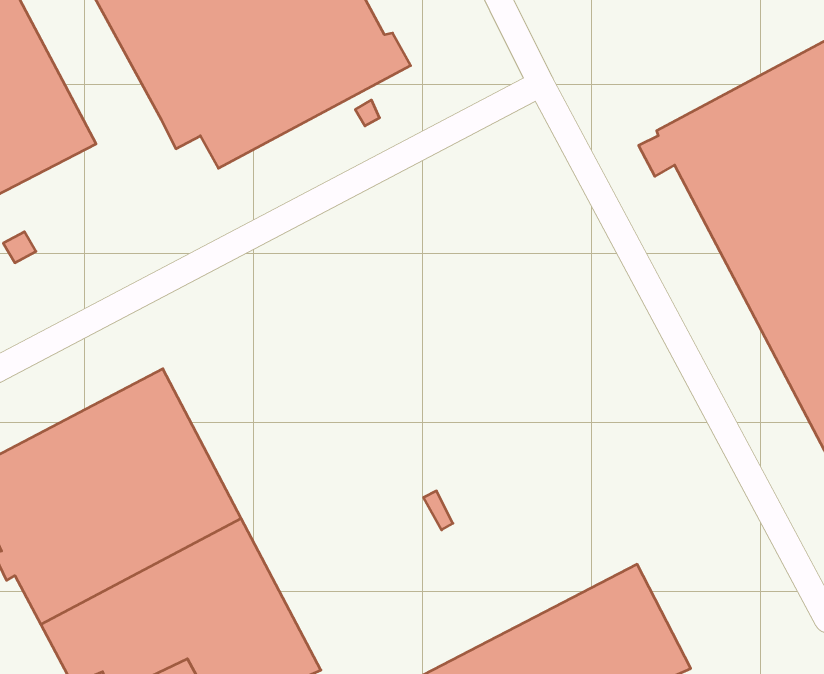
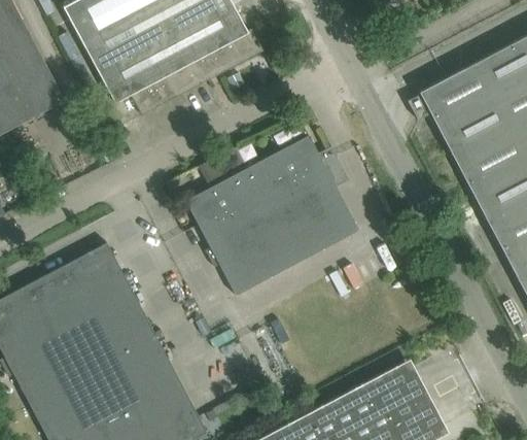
building: none -> [185,135,359,296]

